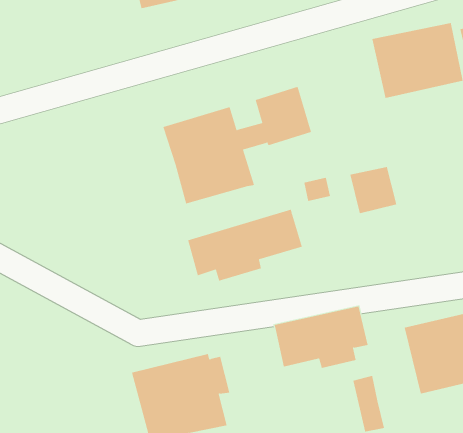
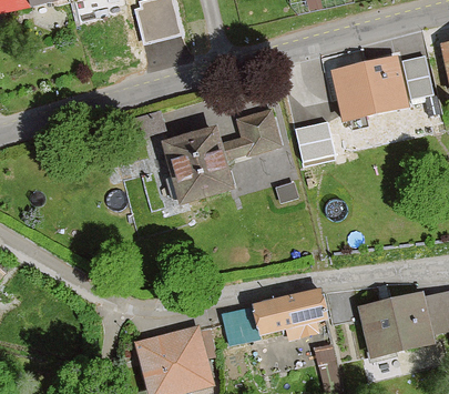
building: [350,166,397,214] -> [295,122,334,161]
building: [188,209,302,281] -> none
building: none -> [222,307,258,344]

